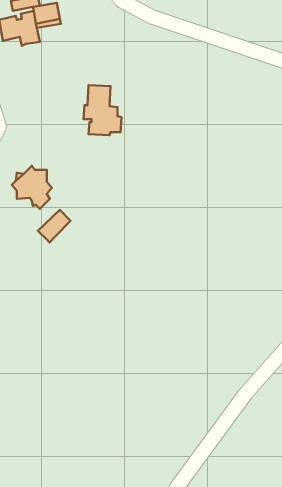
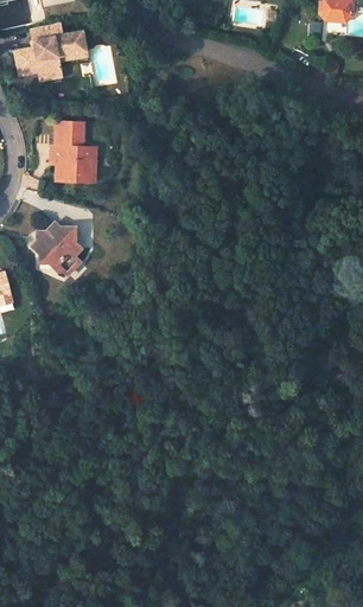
building: [83,85,121,135] -> [55,121,100,180]
building: [38,210,71,242] -> none

